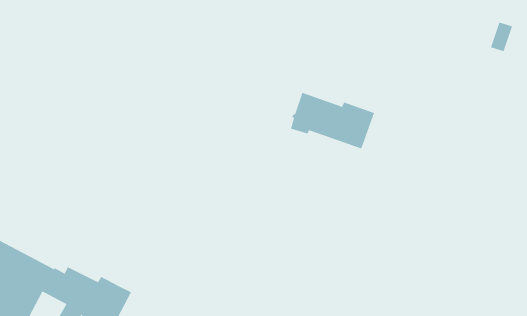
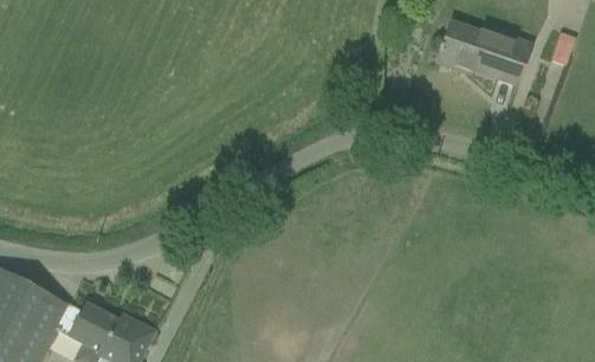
building: [290,92,375,149] -> [436,21,530,84]

